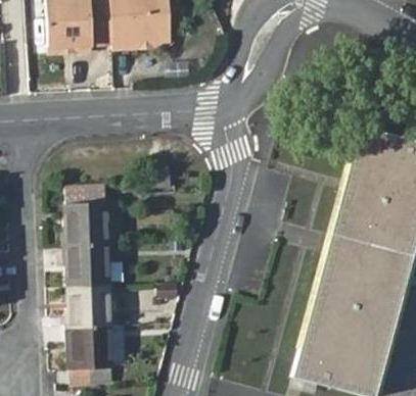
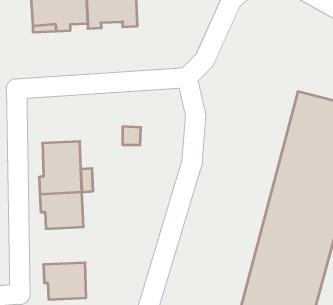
building: [60,284,110,328] -> none

